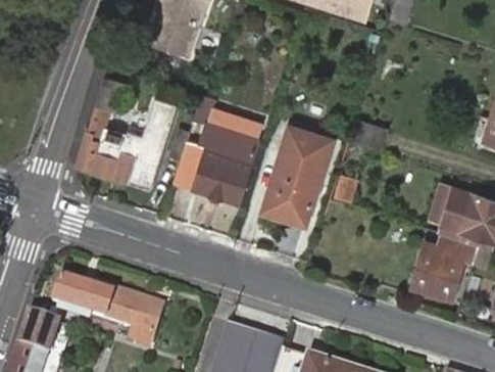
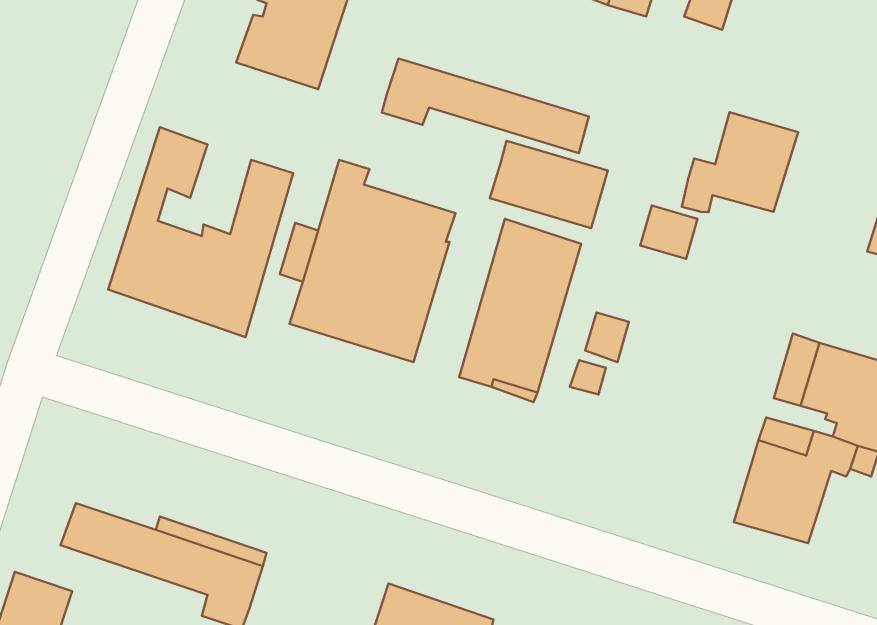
building: none -> [382,58,589,153]
building: none -> [682,112,798,212]
building: none -> [490,141,608,228]

